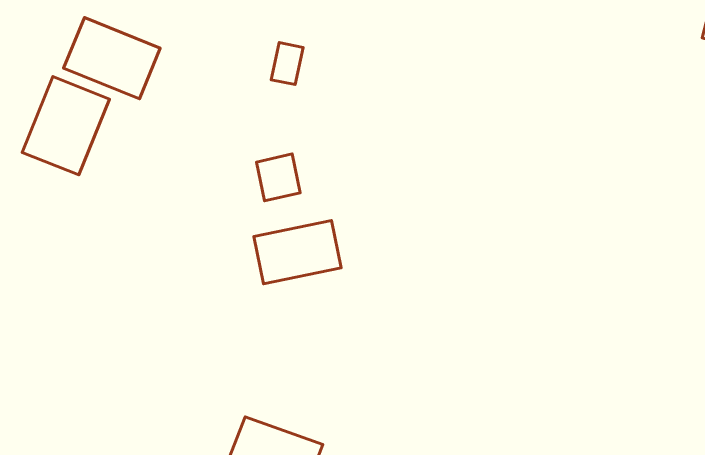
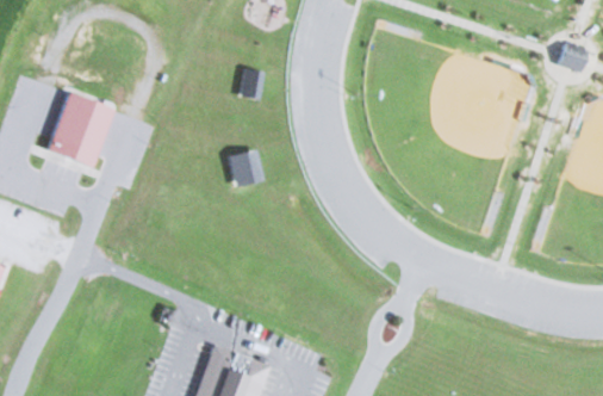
building: [64,17,160,99] -> none
building: [254,220,341,284] -> none

